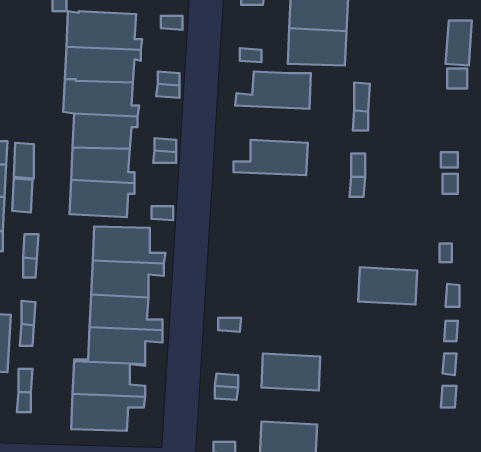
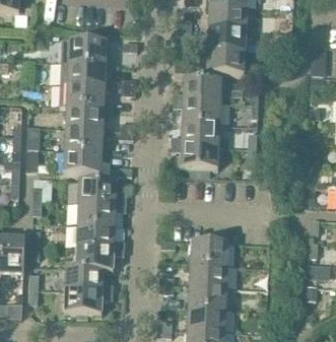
building: none -> [172,98,220,123]
building: none -> [171,142,218,166]
building: [358,267,417,304] -> [190,238,228,263]
building: none -> [189,283,226,307]

